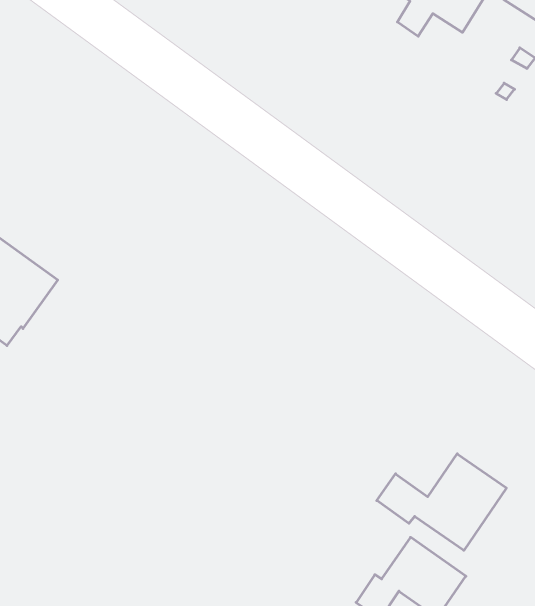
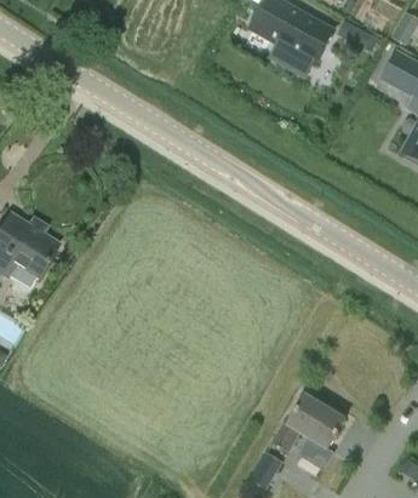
building: [377,454,506,550] -> none

